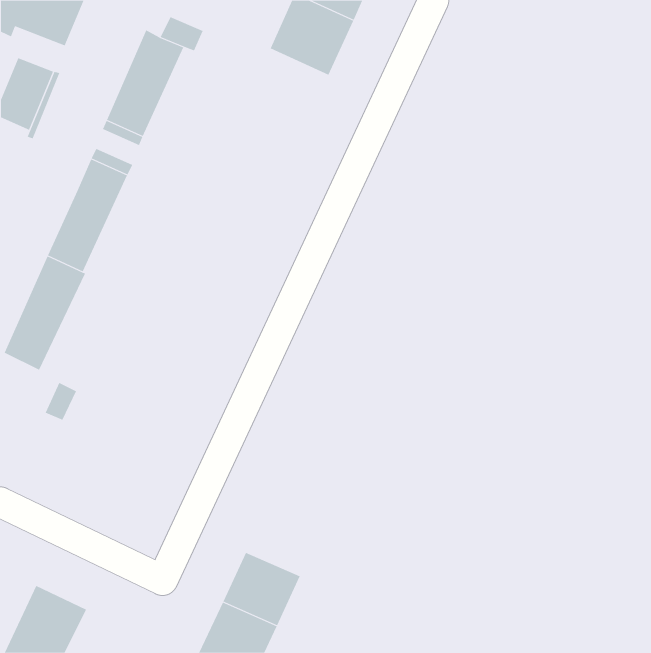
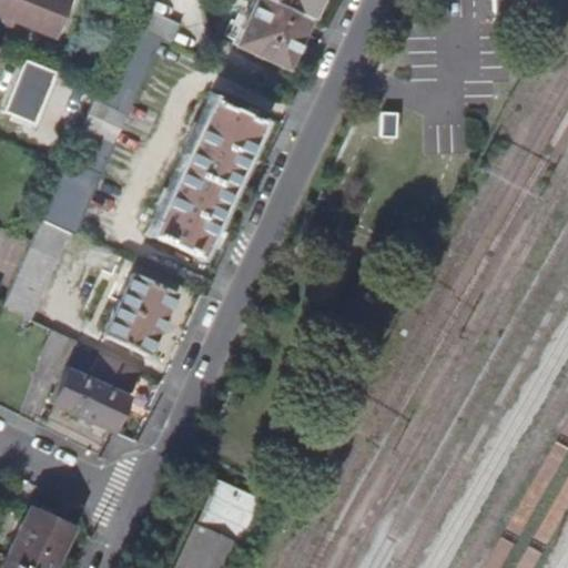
building: none -> [153,101,260,257]
building: none -> [108,278,172,357]
building: none -> [52,354,140,433]

